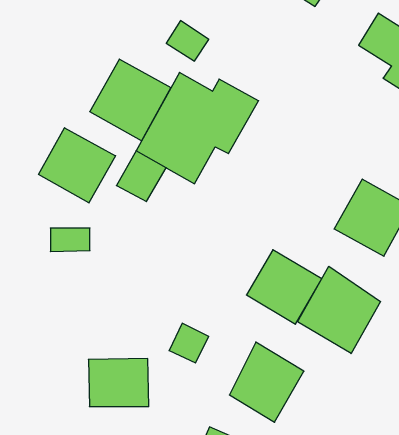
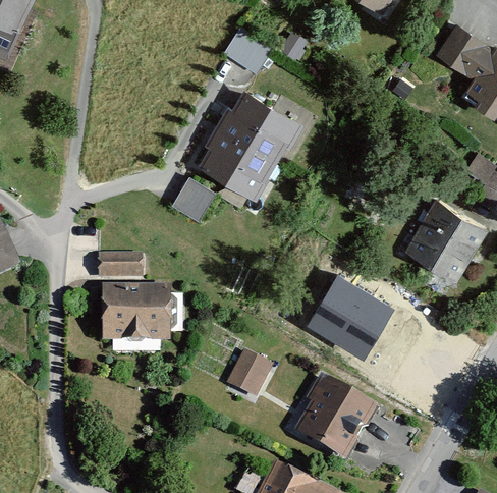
building: [90,59,171,141] -> none
building: [39,128,116,203] -> none
building: [298,266,381,354] -> none
building: [88,359,149,407] -> [100,288,165,340]

